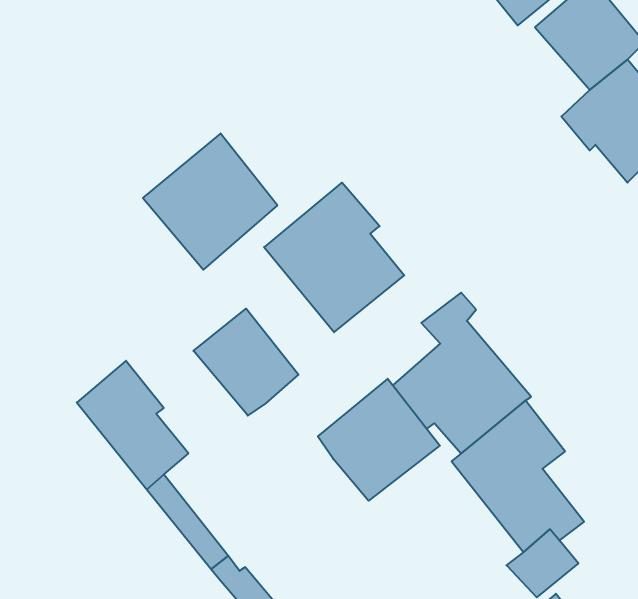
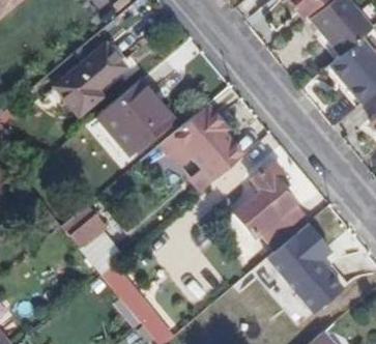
building: none -> [57,44,123,112]
building: [193,309,298,416] -> none
building: [318,379,440,501] -> none

